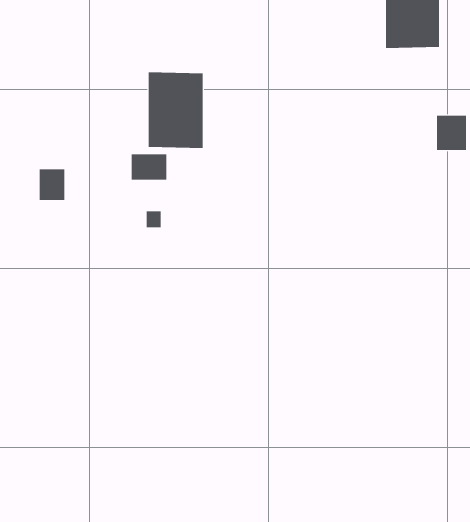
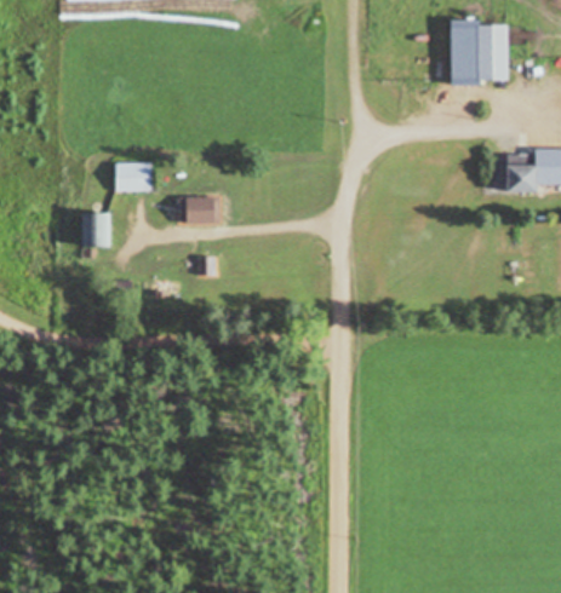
building: [148,71,203,149] -> none
building: none -> [115,162,153,190]

